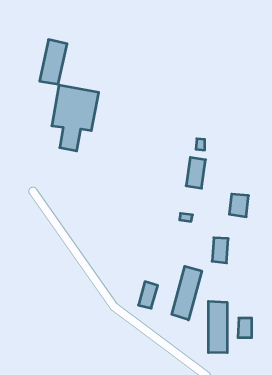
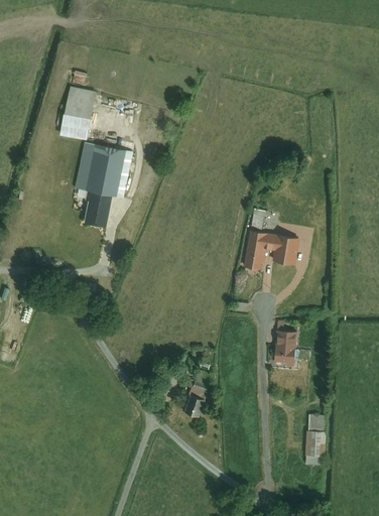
building: [229,194,249,217] -> [273,237,297,265]
building: [172,266,202,320] -> none
building: [208,301,227,353] -> none

